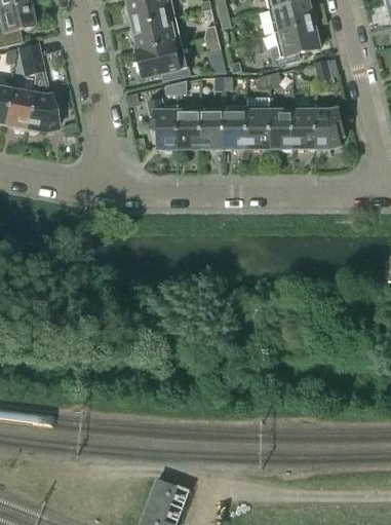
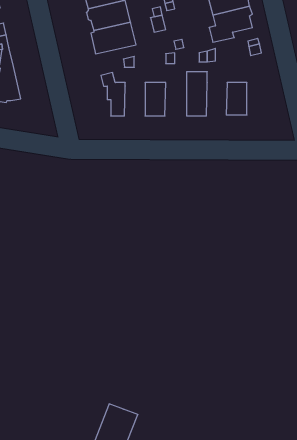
building: [314,108,344,147] -> none
building: [174,110,198,148] -> none
building: [221,110,245,148] -> none
building: [268,110,291,148] -> none

